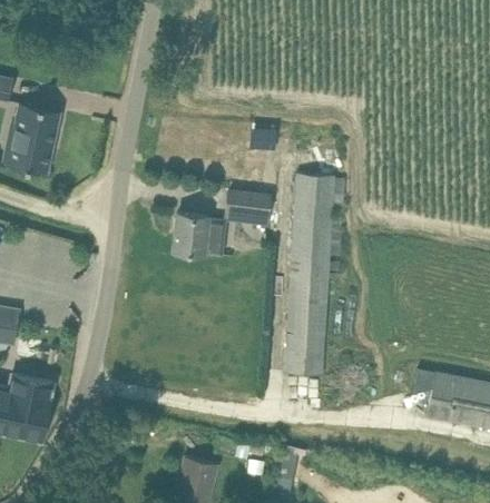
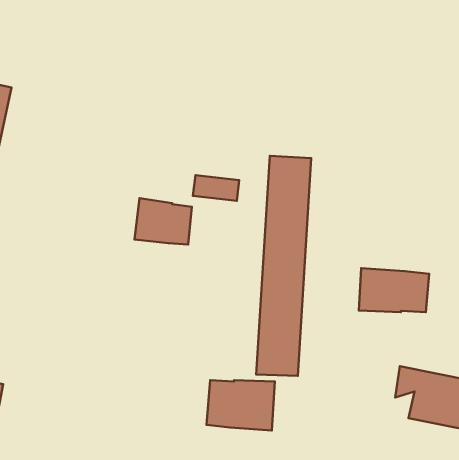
building: none -> [359,268,429,312]
building: none -> [206,380,275,430]

